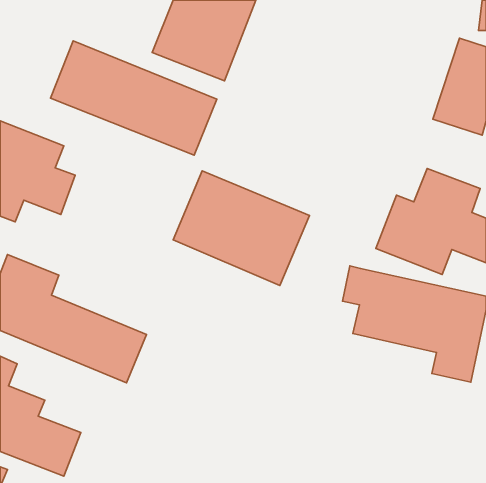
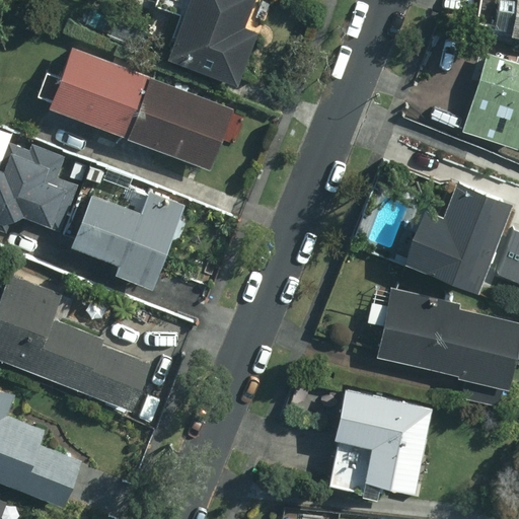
building: [173,171,309,286] -> none
building: none -> [73,196,181,290]
building: none -> [331,386,429,492]

